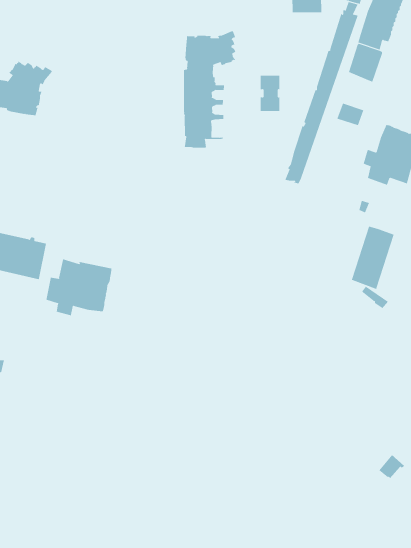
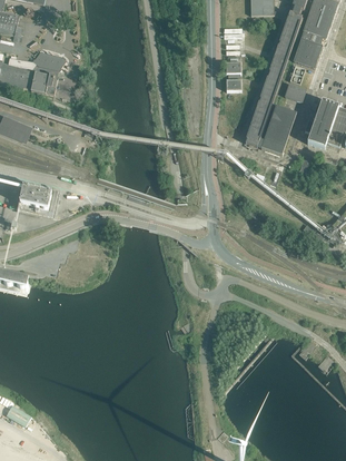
building: [184,30,237,148] -> none
building: [350,226,395,290] -> [260,106,295,155]
building: [46,259,113,316] -> none

